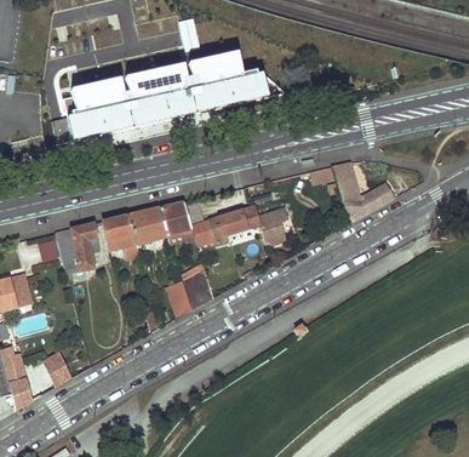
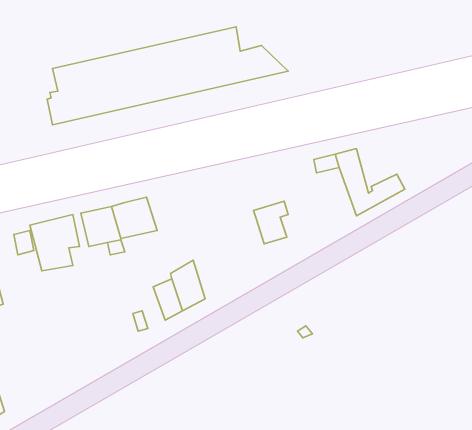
building: [159,201,194,240] -> none
building: [208,207,258,245] -> none
building: [39,352,70,387] -> none

